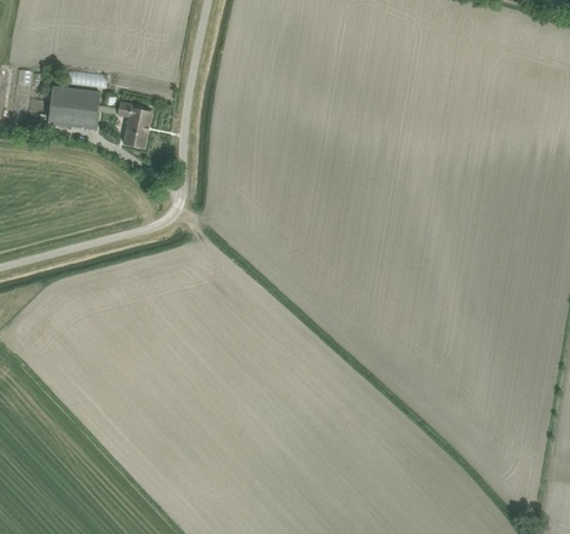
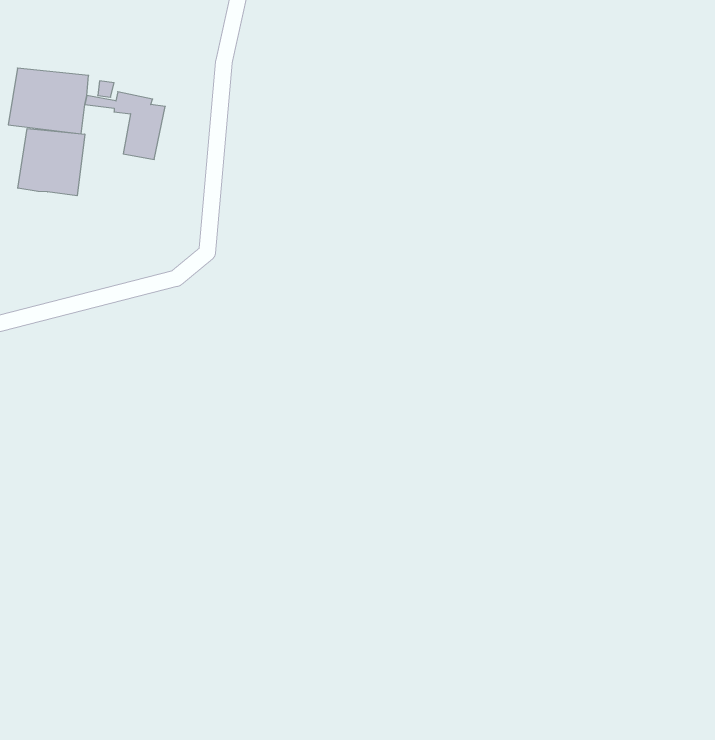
building: none -> [18,129,85,196]

